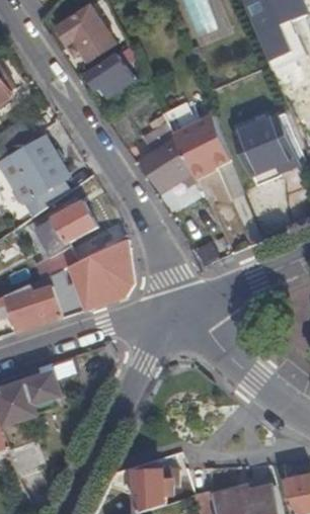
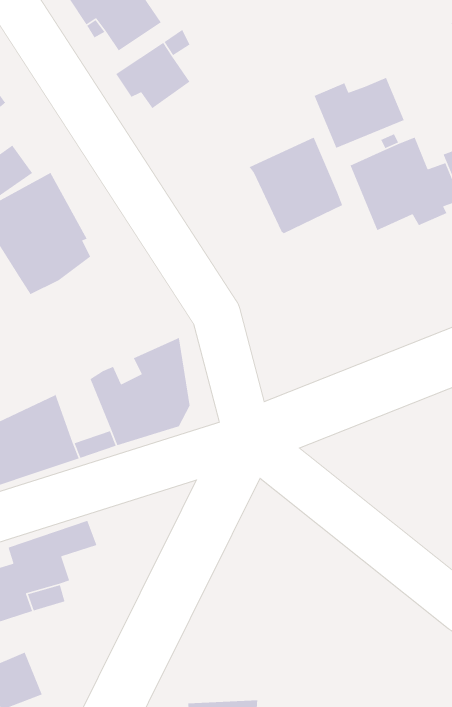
building: none -> [314,77,405,149]
building: [139,137,190,192] -> none
building: [33,203,96,276] -> none

